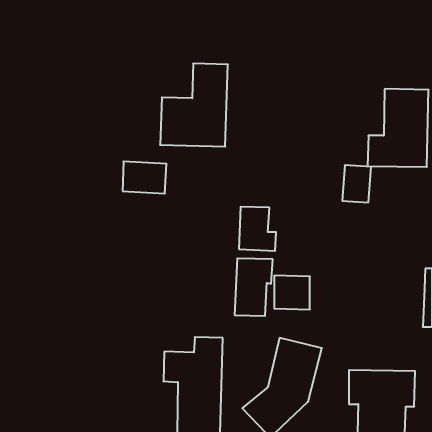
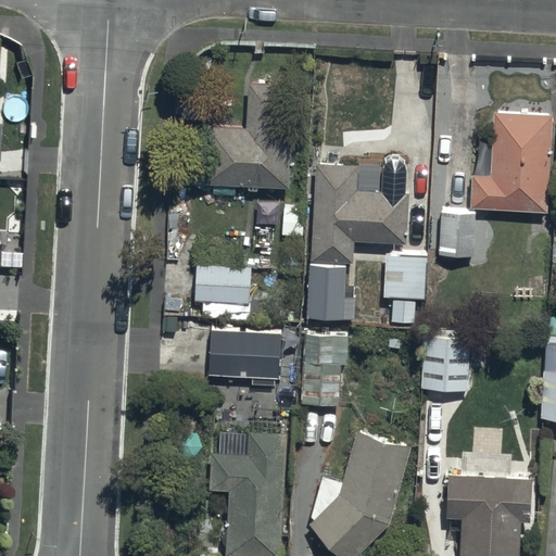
building: none -> [309,157,409,265]
building: [123,161,167,194] -> [195,264,252,305]
building: none -> [382,255,425,302]
building: none -> [208,332,280,377]
building: [274,276,310,309] -> [422,348,468,391]

